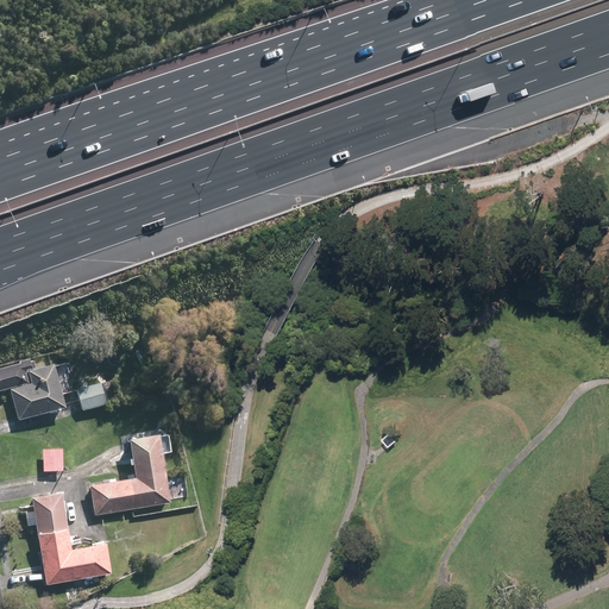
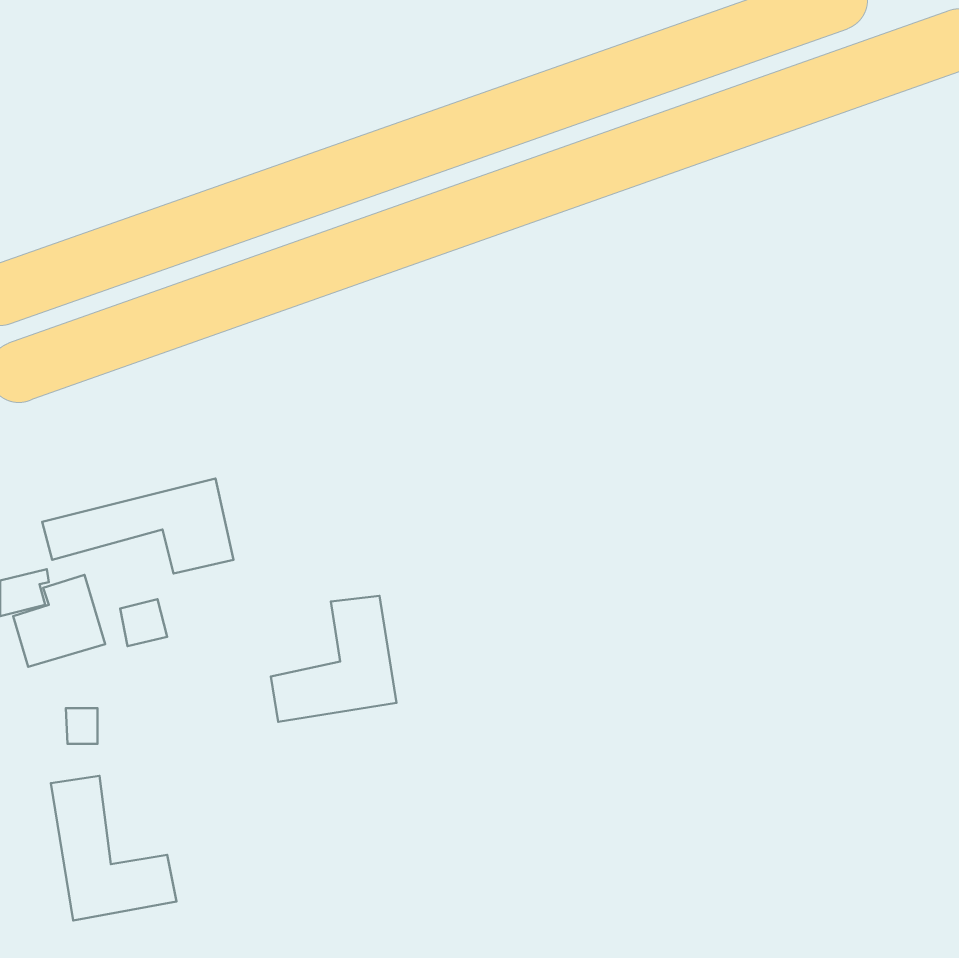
building: none -> [42,478,234,574]
building: [92,434,171,514] -> [271,596,397,722]

